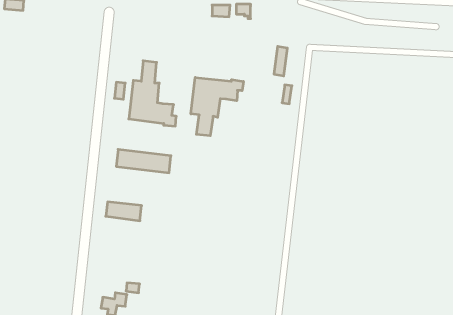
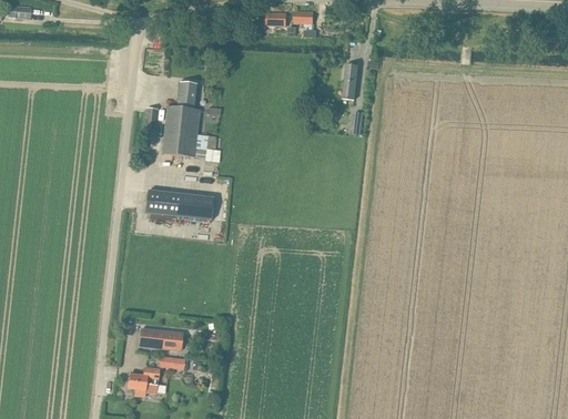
building: [191,77,243,136] -> none
building: [106,202,142,221] -> [139,327,183,350]

